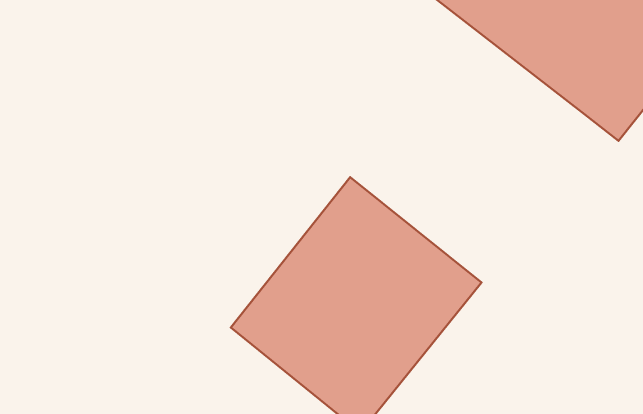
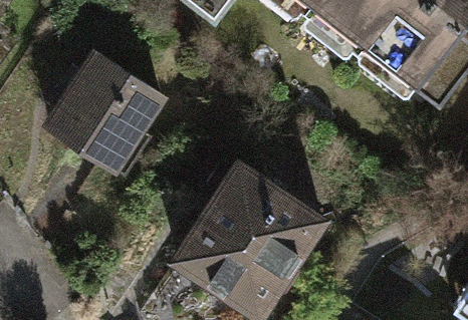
building: none -> [39,38,176,176]

